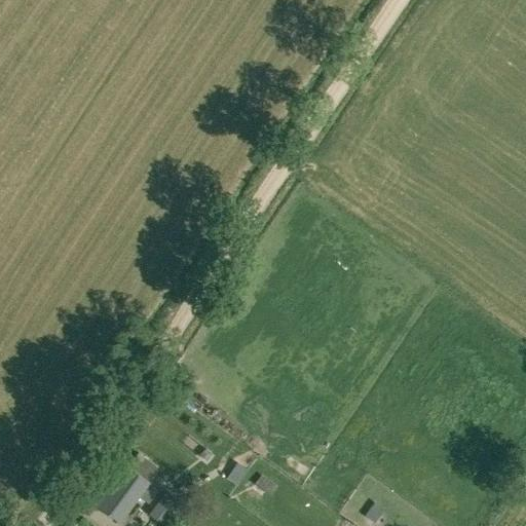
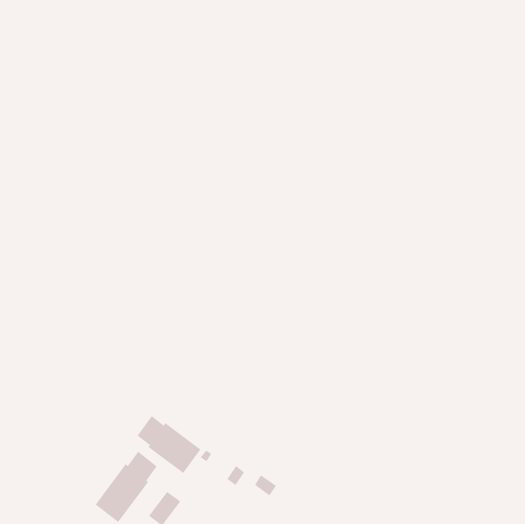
building: none -> [137,415,201,474]

